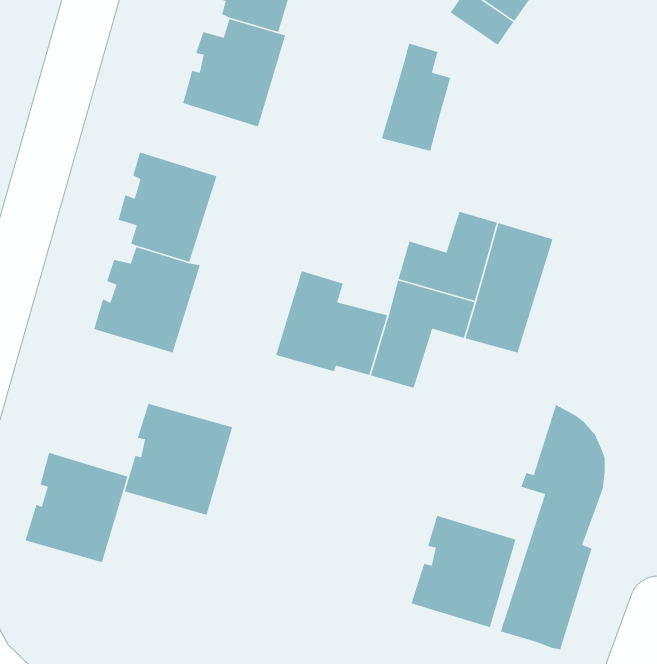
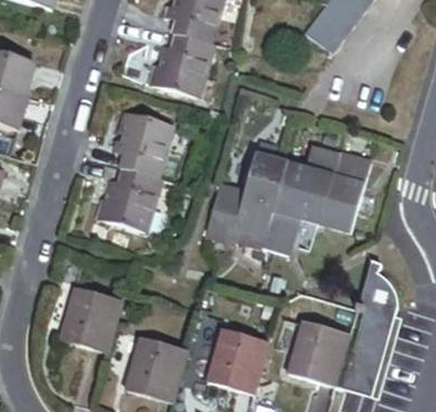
building: [381,42,451,152] -> [245,138,287,203]
building: [124,403,233,516] -> [121,336,187,403]
building: none -> [205,327,269,393]

